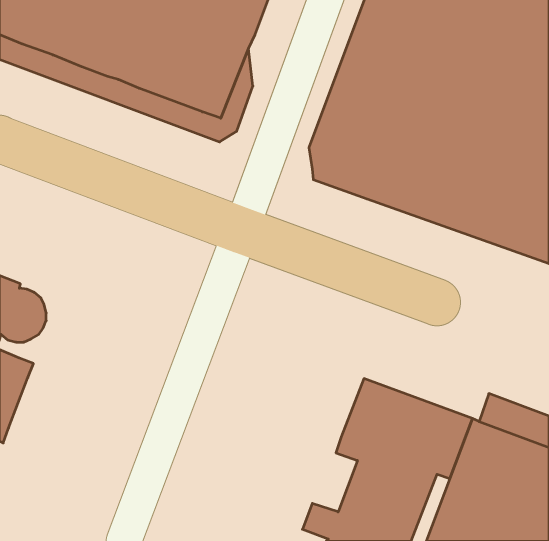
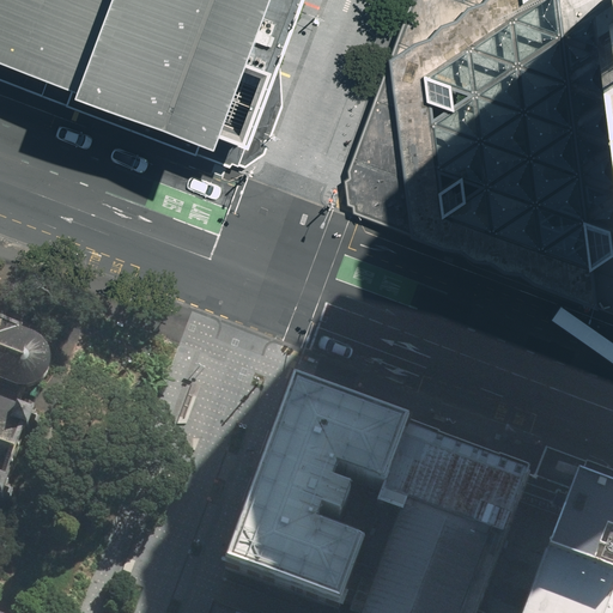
building: none -> [226,380,405,597]

